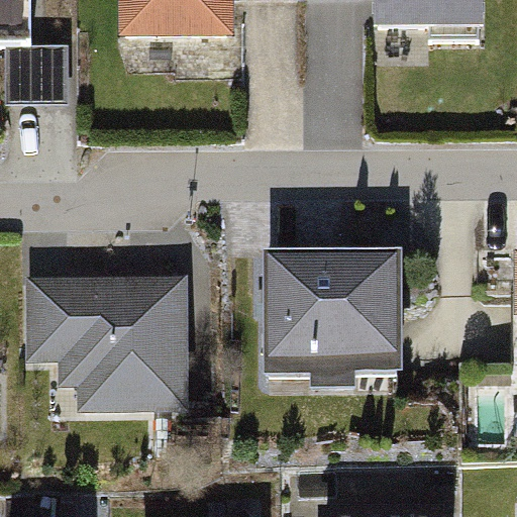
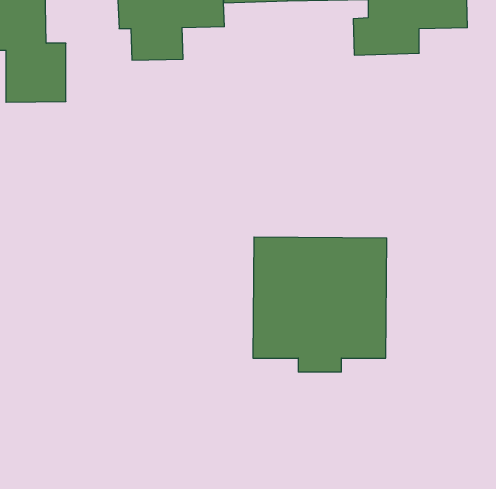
building: [23,277,190,414] -> none

